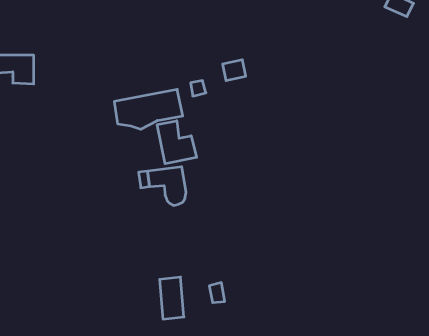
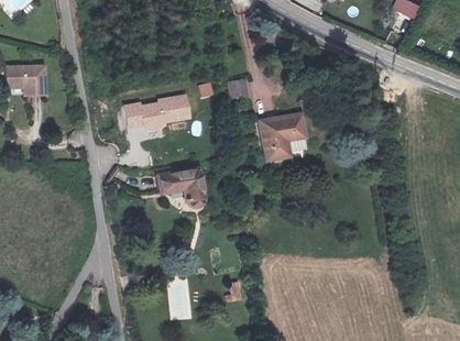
building: none -> [264,118,310,164]
building: [157,121,197,164] -> none

